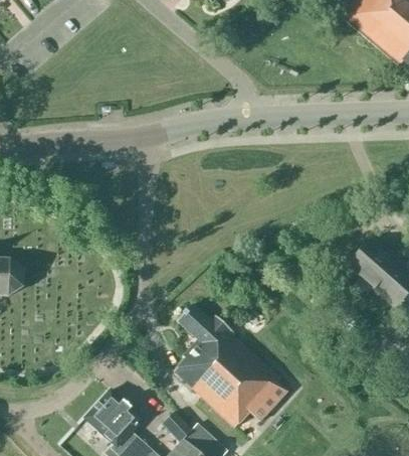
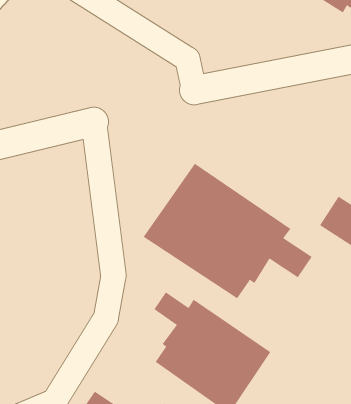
building: none -> [143,163,313,299]

